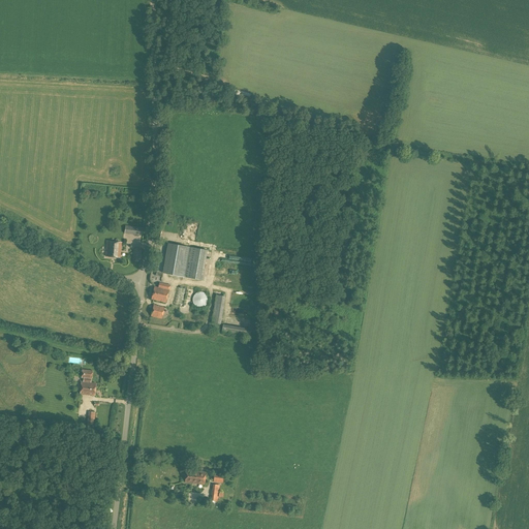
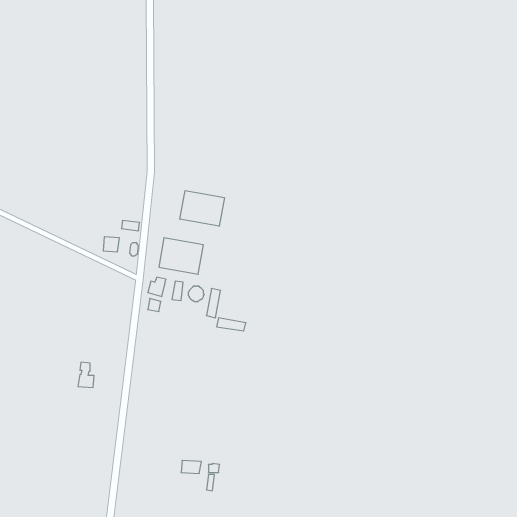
building: none -> [180,191,224,226]

